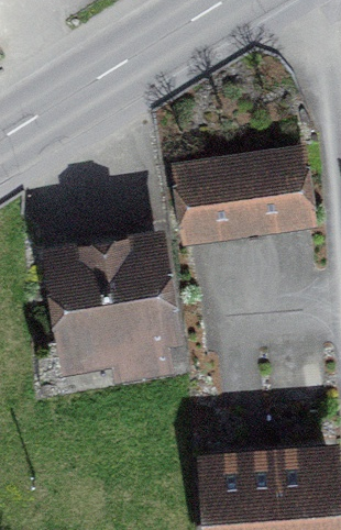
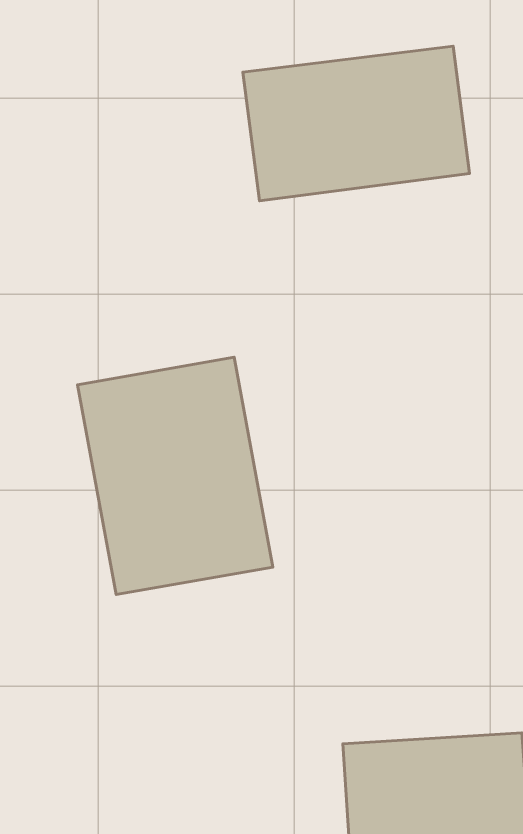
building: [175,146,310,239] -> [243,46,470,201]

